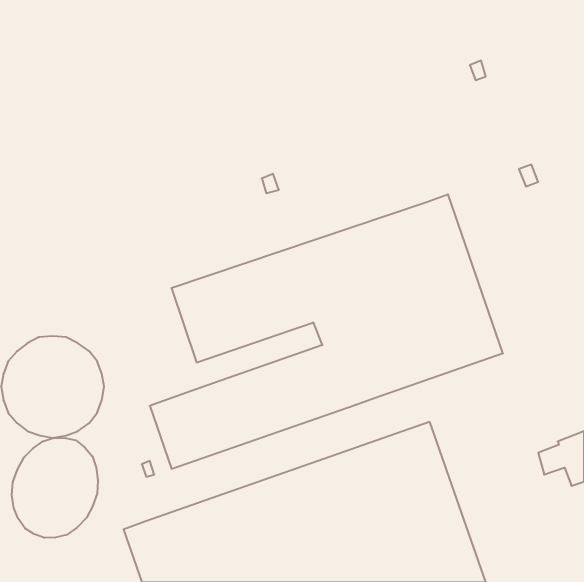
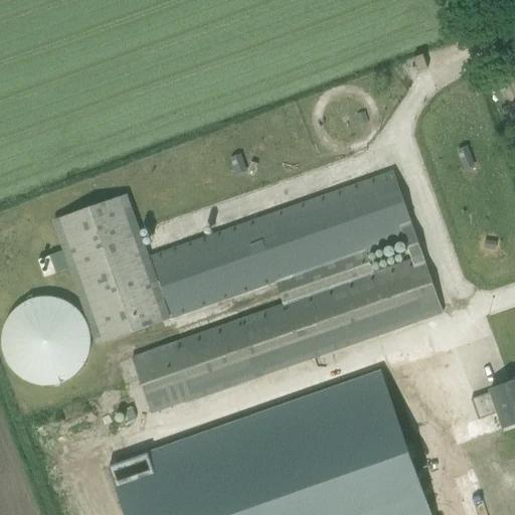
building: none -> [38,194,171,344]
building: [12,438,98,538] -> none

